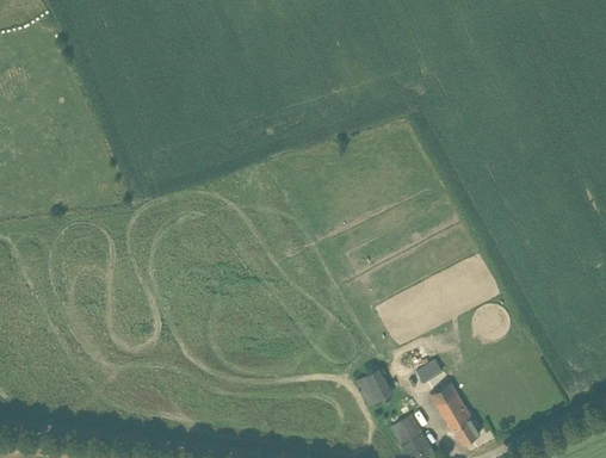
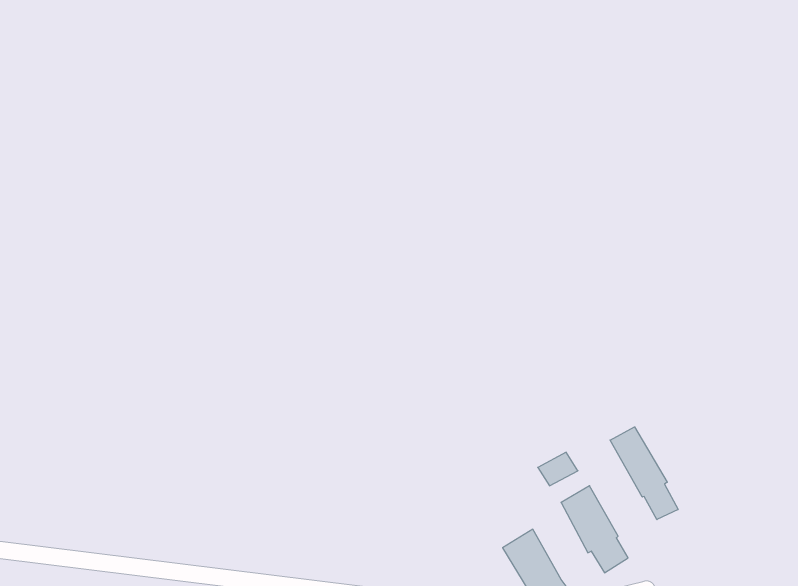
building: none -> [610,427,678,520]
building: [354,369,391,407] -> none

